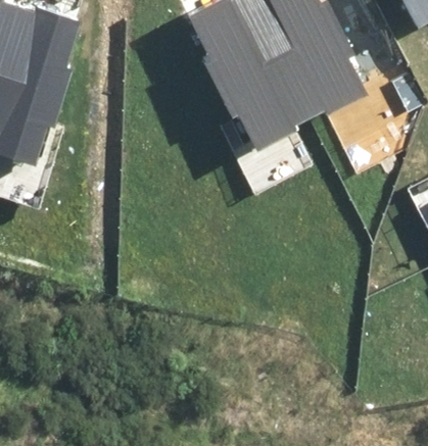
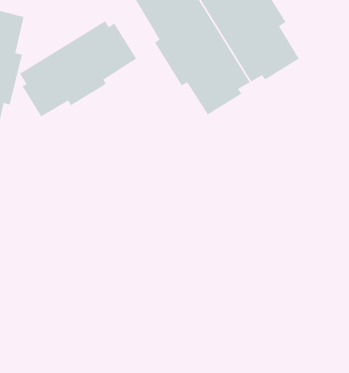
building: none -> [19,20,137,117]

